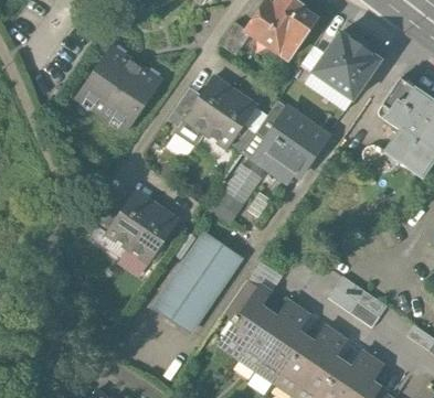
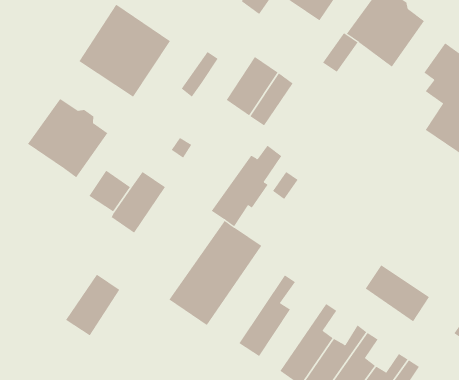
building: [187,75,233,128] -> none
building: [252,107,329,183] -> none
building: none -> [27,98,108,178]
building: [127,205,176,260] -> [65,274,120,336]
building: [237,302,296,367] -> none

